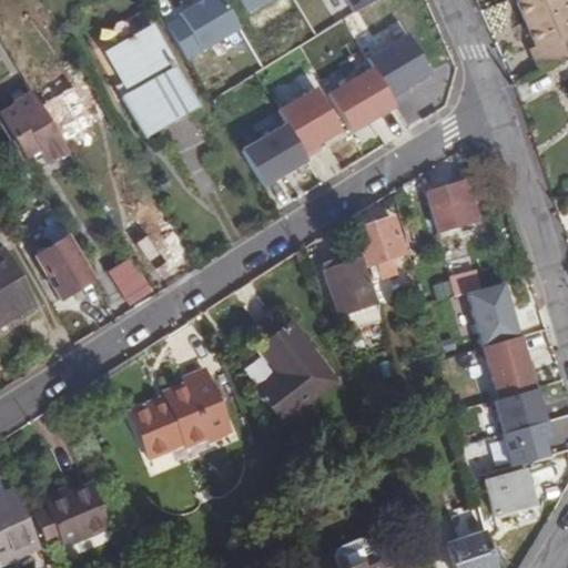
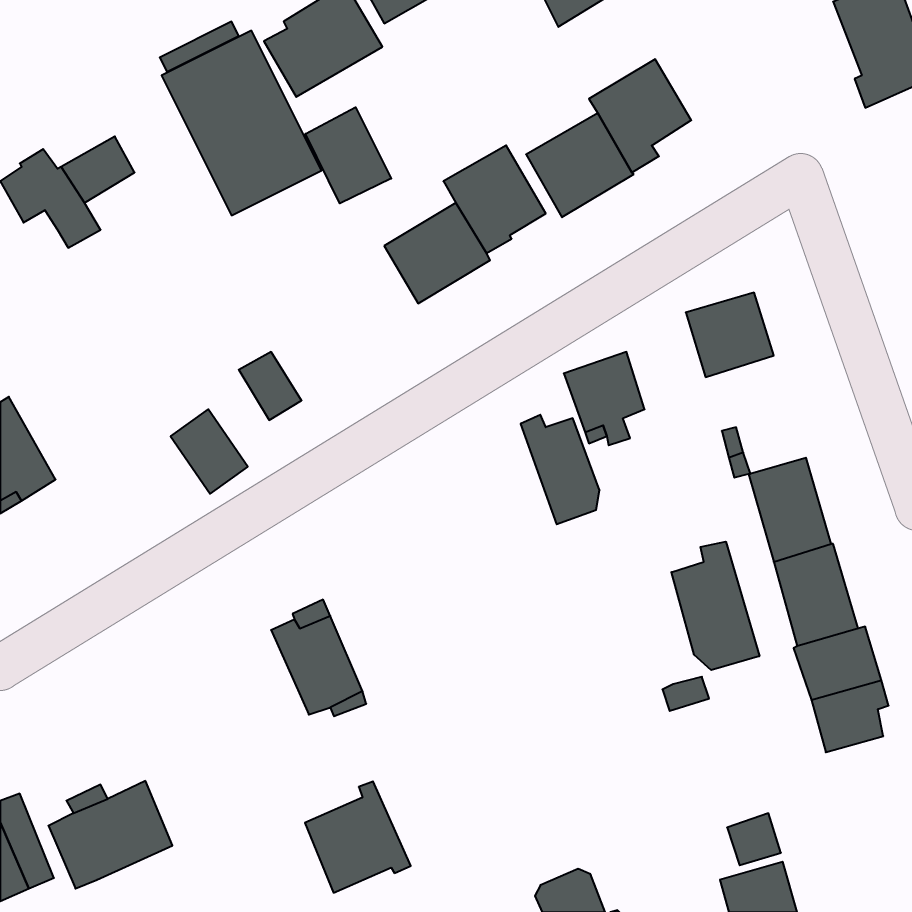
building: none -> [305,107,391,203]
building: [36,214,92,297] -> none
building: [256,323,332,422] -> none
building: none -> [671,542,759,670]
building: [129,389,194,458] -> [305,781,411,893]
building: [488,470,535,511] -> none

